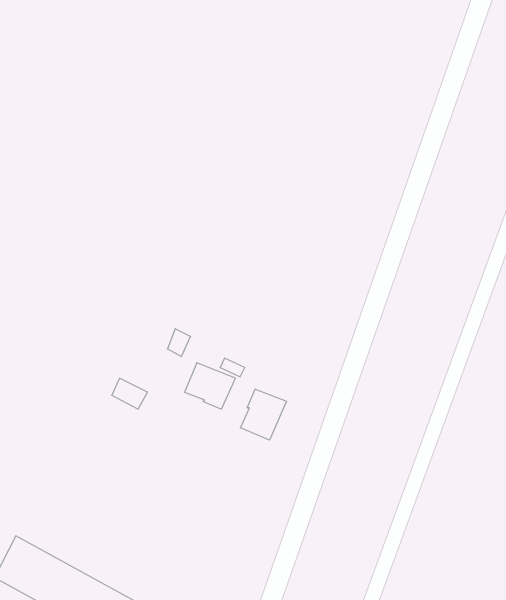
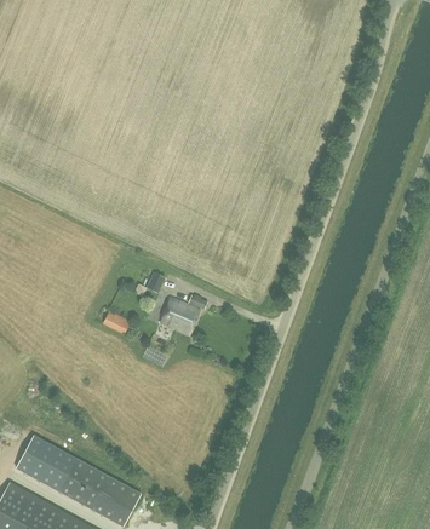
building: [240,389,286,440] -> none

